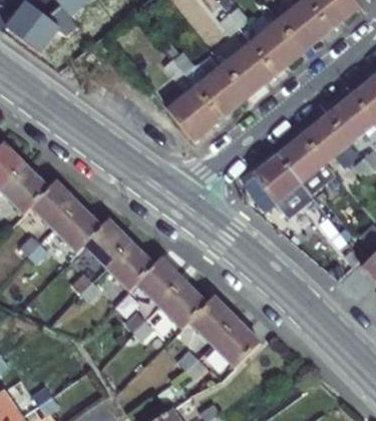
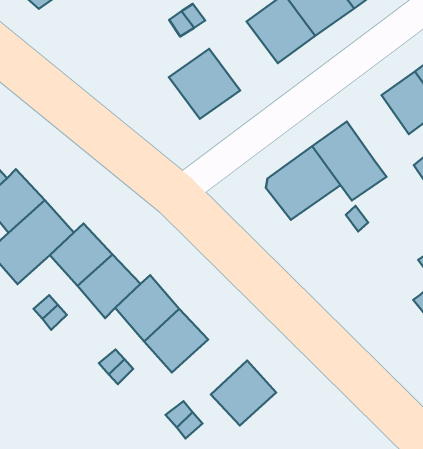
building: [196,62,248,114] -> none
building: [302,112,349,161] -> none
building: [189,295,237,344] -> none

